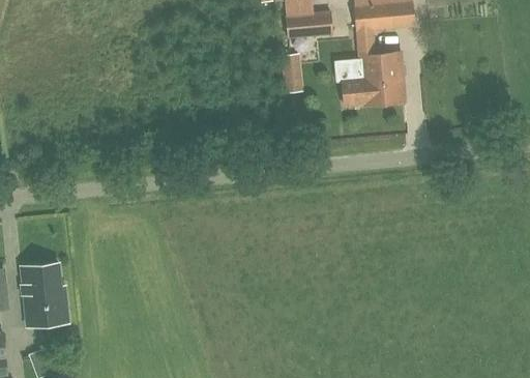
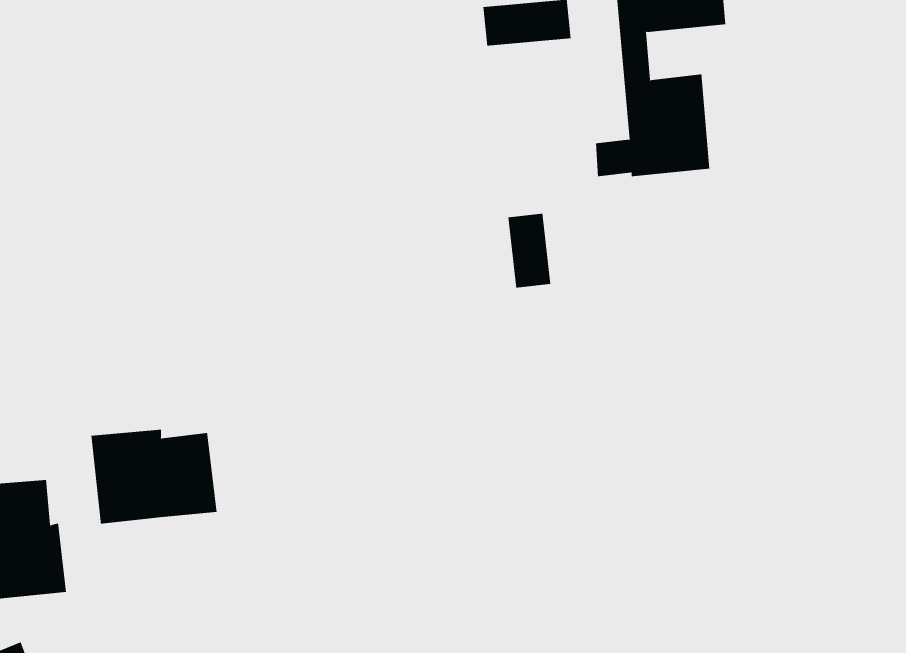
building: [279,54,302,93] -> [507,213,551,288]
building: none -> [91,429,217,524]

